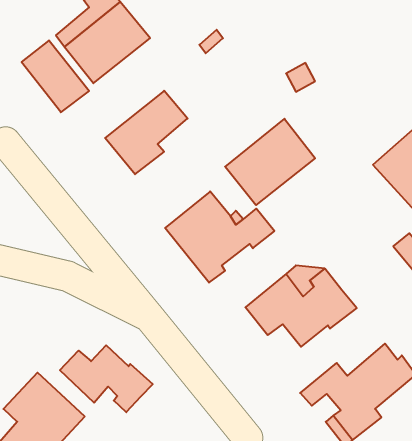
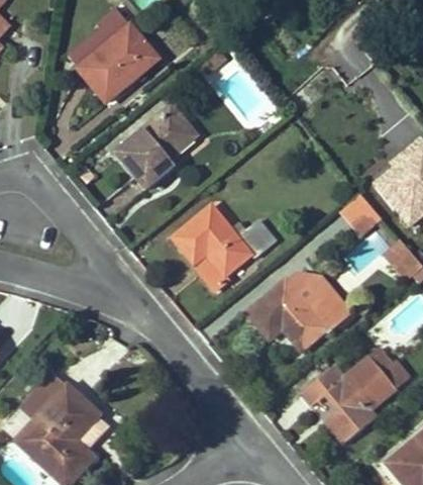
building: [22,40,89,112] -> none
building: [225,119,315,205] -> none
building: none -> [341,194,383,236]
building: [60,345,153,412] -> none

